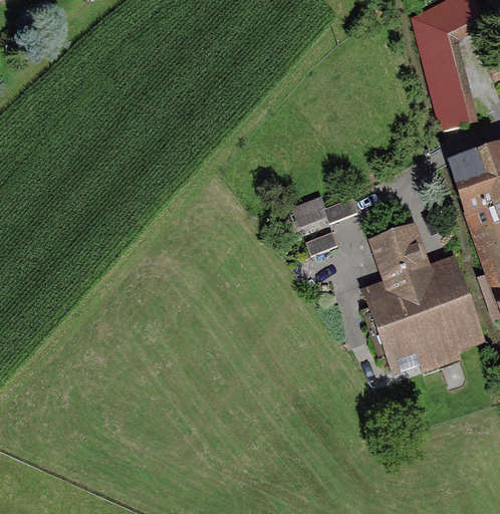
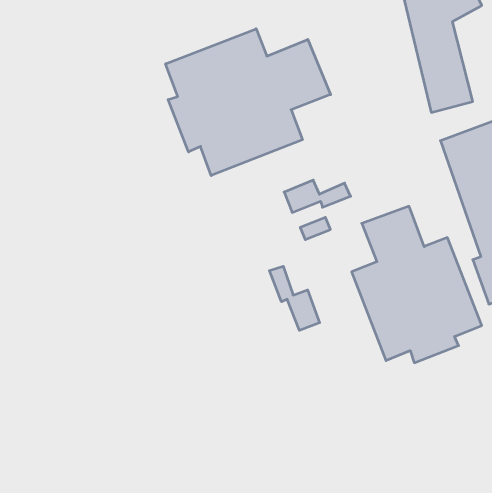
building: none -> [166,29,331,176]
building: none -> [269,266,320,330]

